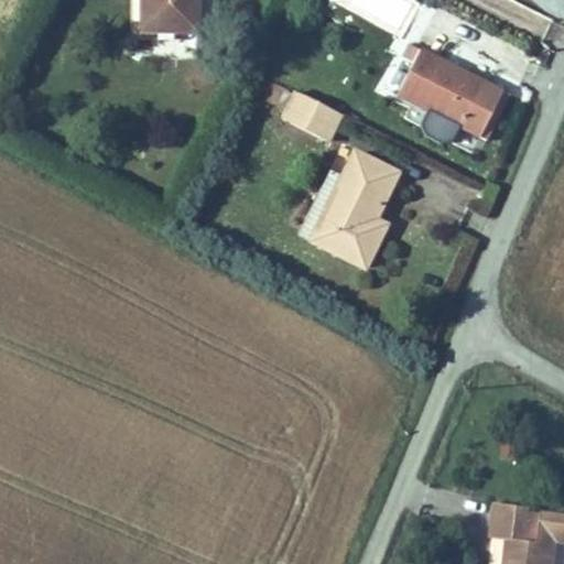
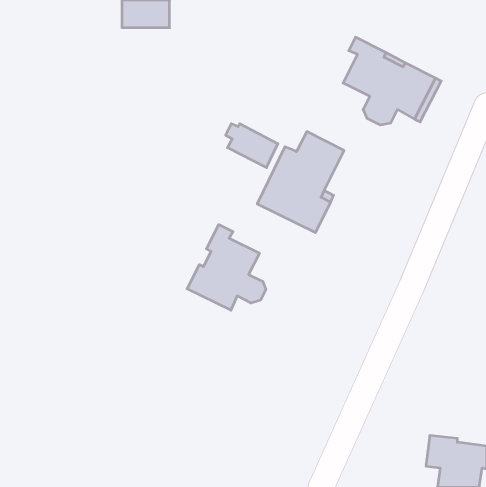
building: [281,91,341,142] -> [226,124,278,168]
building: none -> [187,225,266,310]

